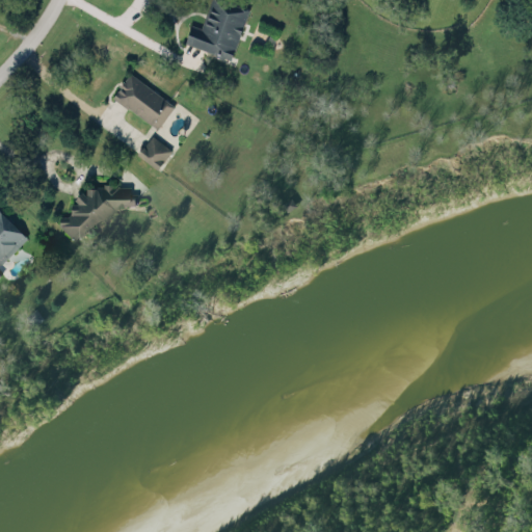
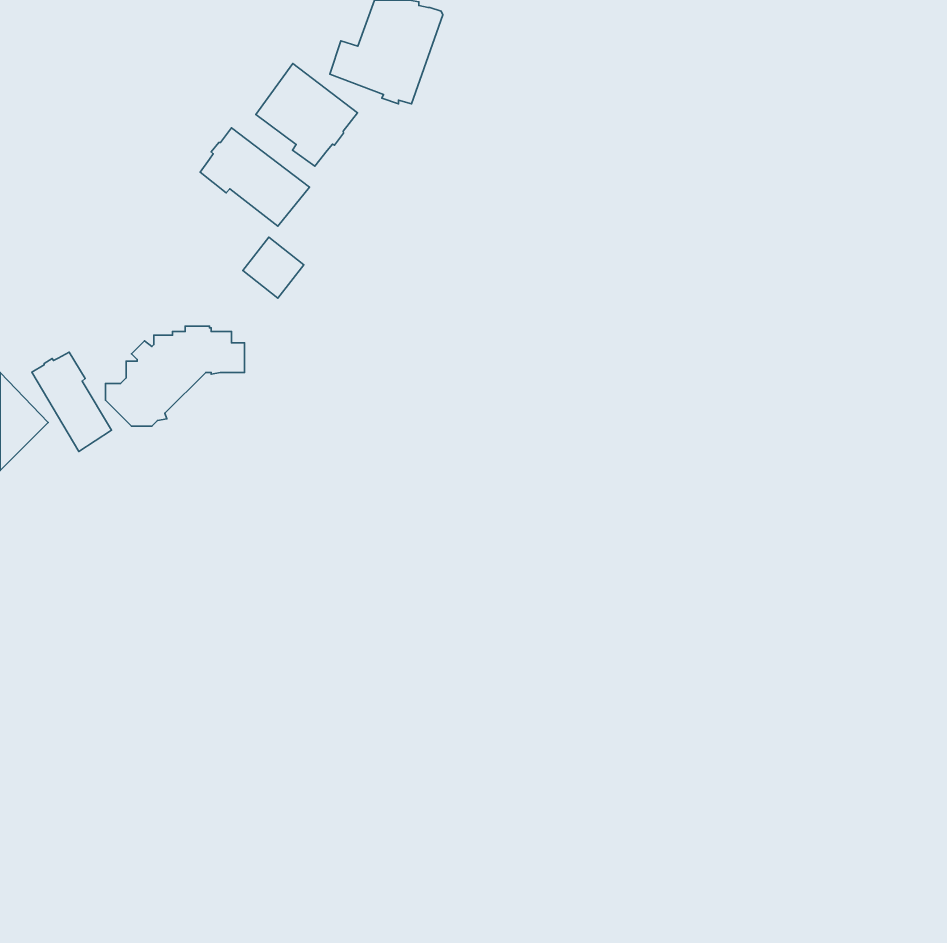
building: none -> [256,64,358,166]
building: none -> [32,352,112,451]

